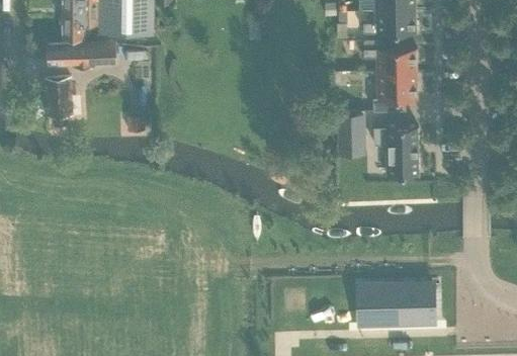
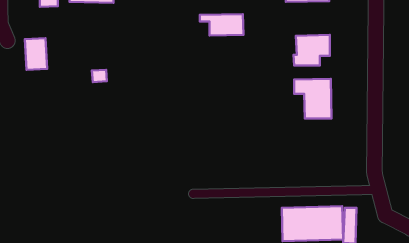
building: [47,41,115,65] -> none
building: [362,48,416,74] -> [200,14,244,36]
building: [338,118,362,152] -> none

